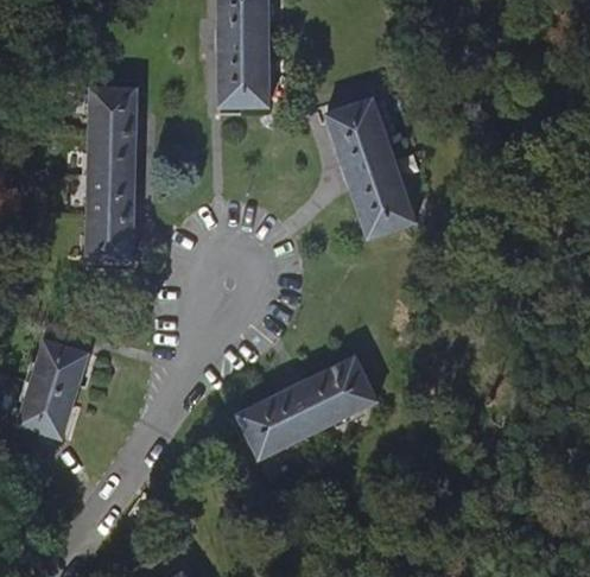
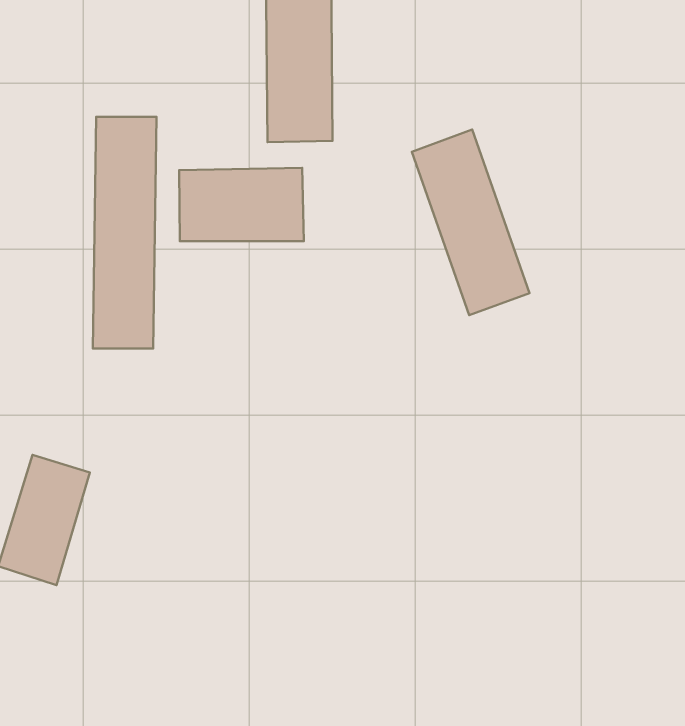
building: none -> [179,168,304,241]
building: [237,359,376,458] -> none

